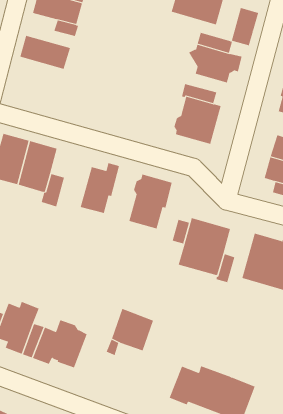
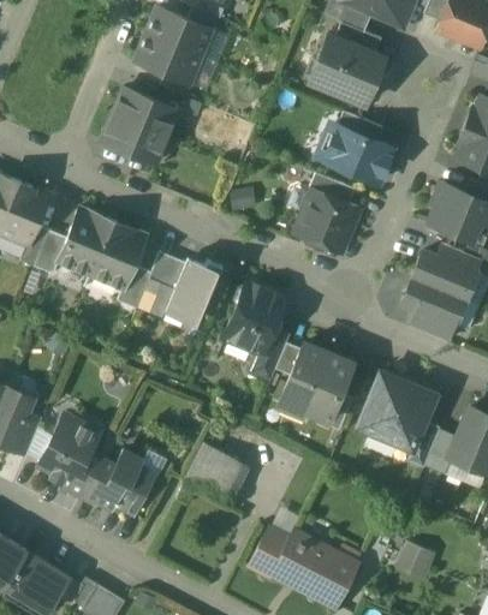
building: [231,7,259,46] -> none
building: none -> [101,115,166,165]
building: none -> [148,253,185,291]
building: none -> [251,327,290,380]

